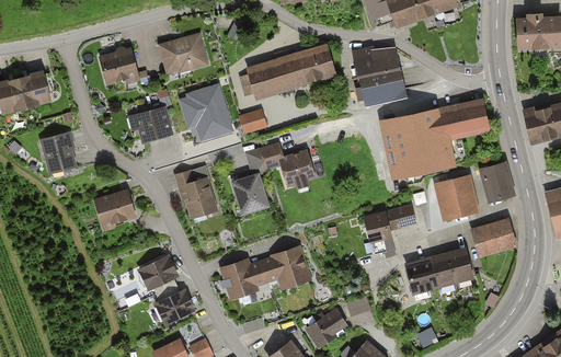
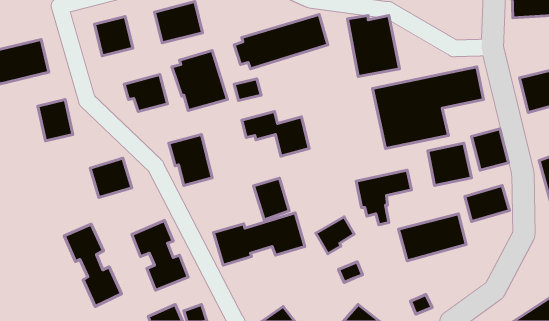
building: [231,174,267,216] -> [253,178,289,220]
building: none -> [64,224,122,307]
building: [308,308,346,345] -> [316,217,354,254]

